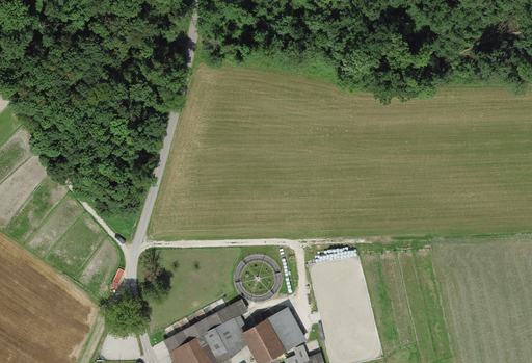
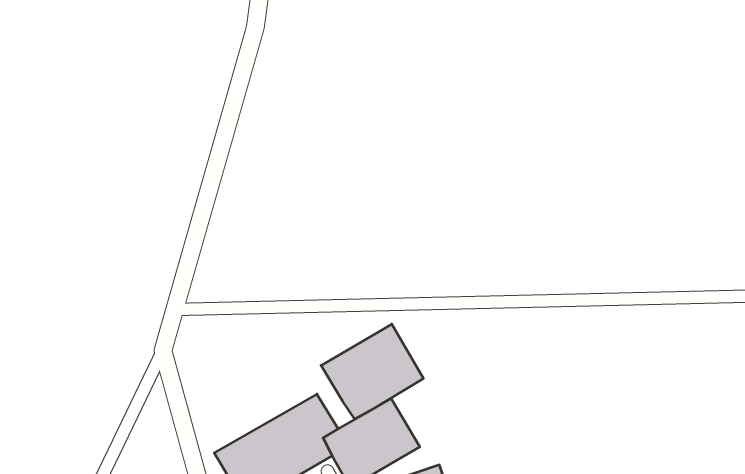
building: none -> [321,324,423,419]

